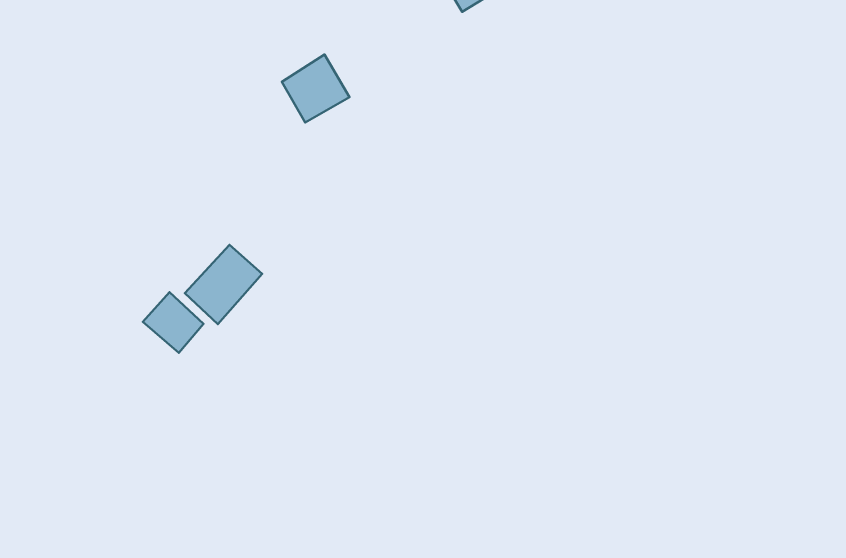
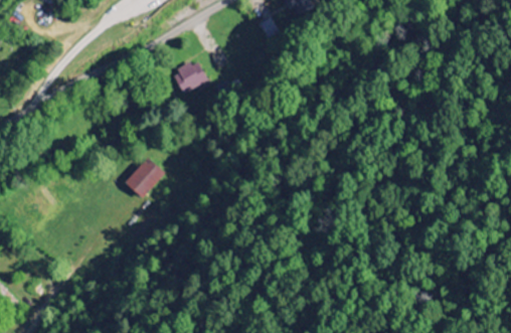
building: [143,292,203,353] -> none

